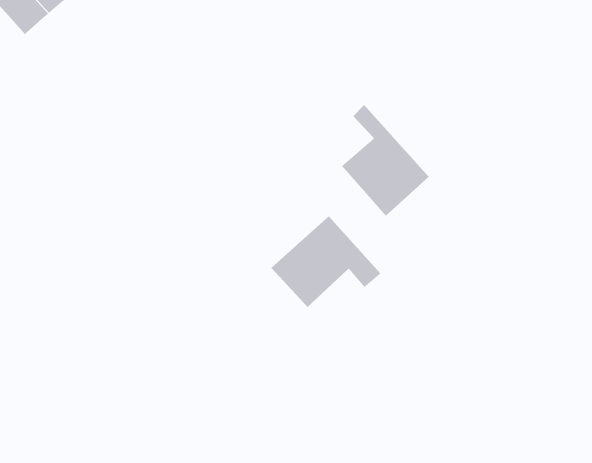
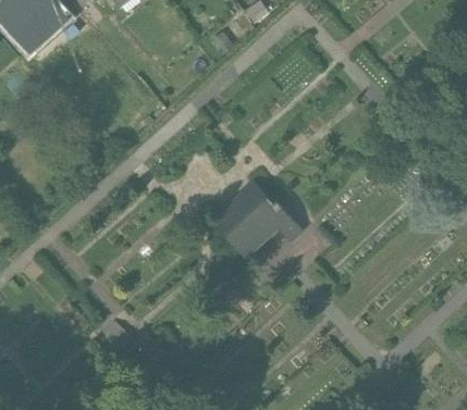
building: [341,104,430,216] -> none

